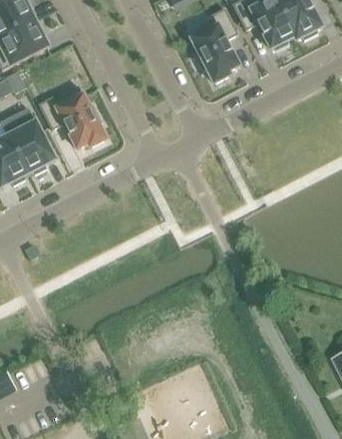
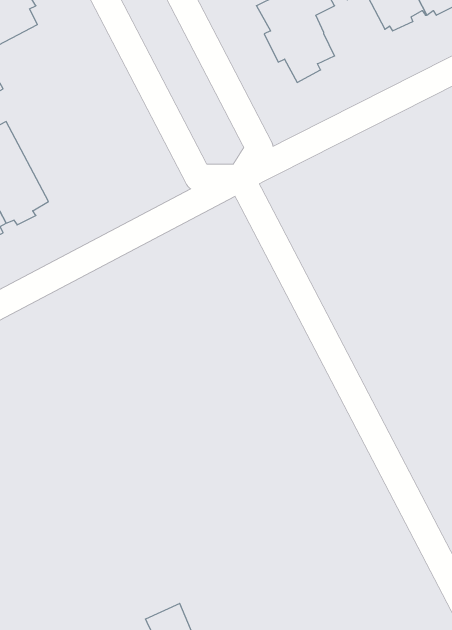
building: [39,85,106,148] -> none

